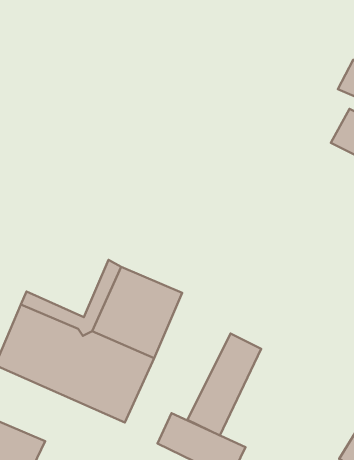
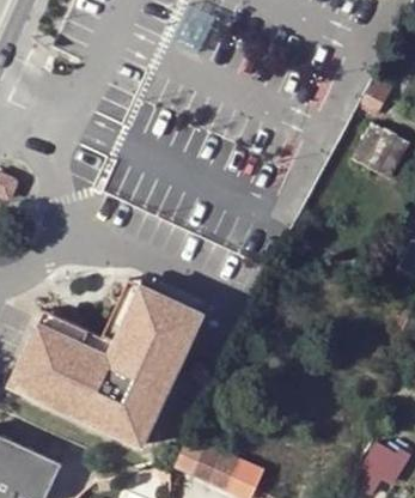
building: [187,334,261,435] -> none

